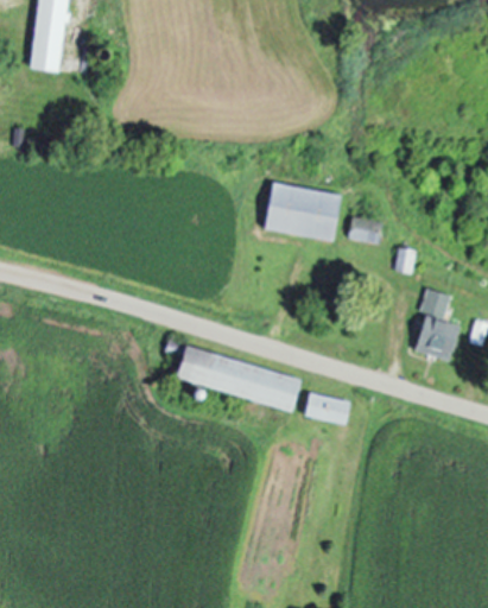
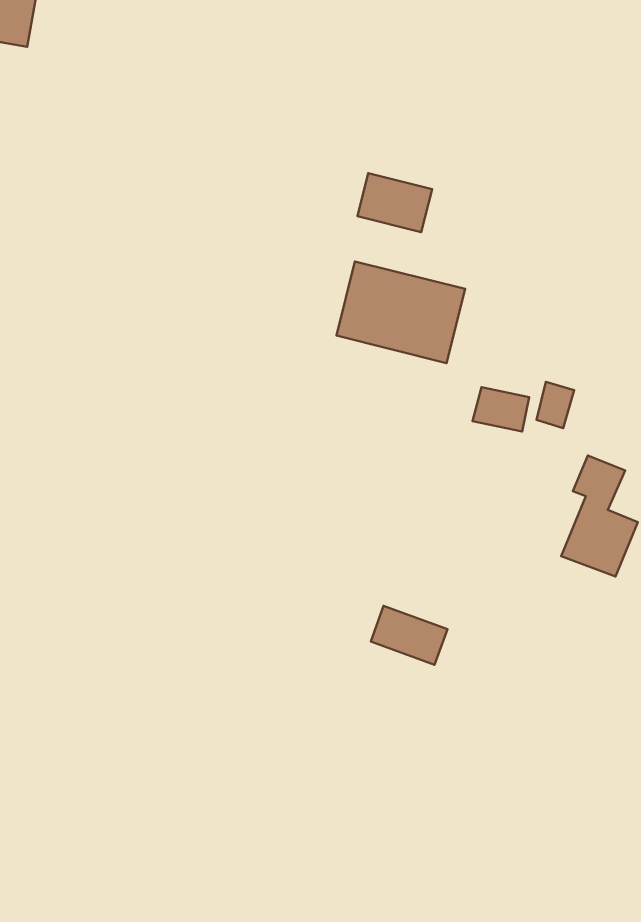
building: none -> [357,173,432,232]
building: [348,217,381,242] -> [473,387,529,432]
building: [178,349,303,408] -> none

